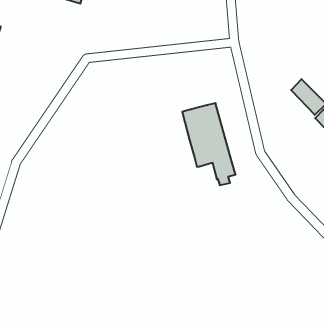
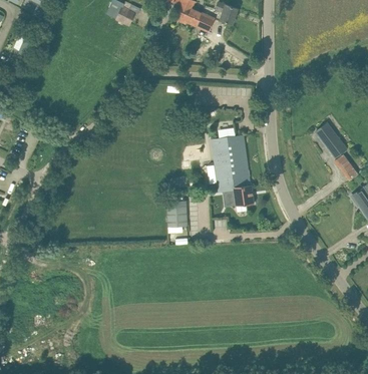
building: none -> [165,201,187,227]

